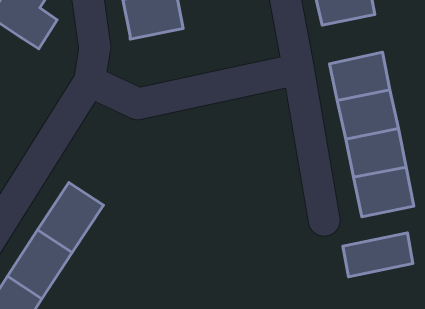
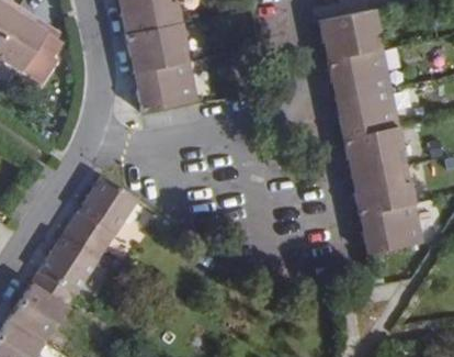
building: none -> [329,49,390,100]
building: none -> [134,64,195,113]
building: none -> [71,175,136,244]
building: [343,233,413,277] -> none

